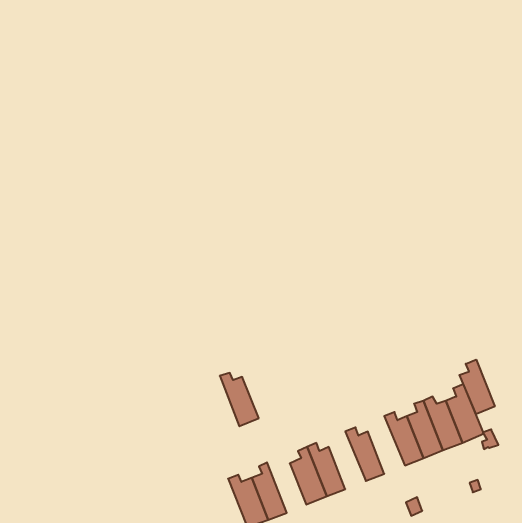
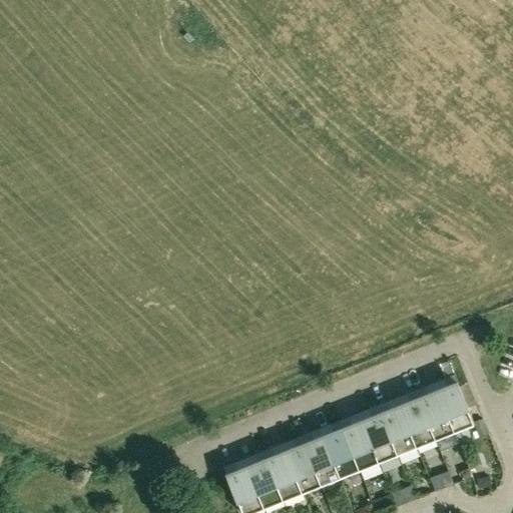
building: [459,360,495,414] -> none
building: [220,373,259,426] -> [261,450,299,502]
building: none -> [359,408,395,464]
building: none -> [321,423,357,479]

